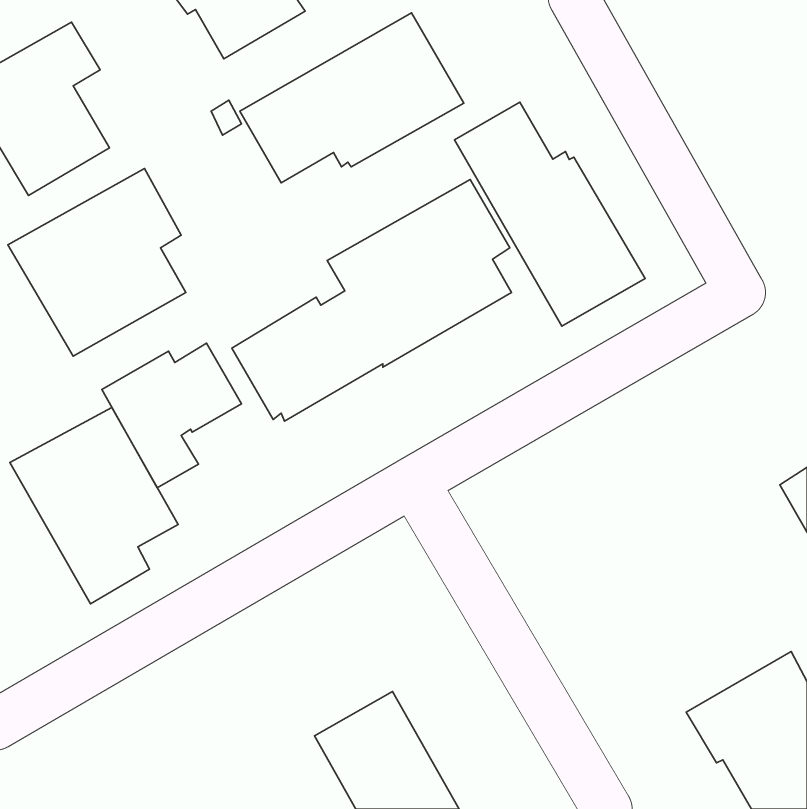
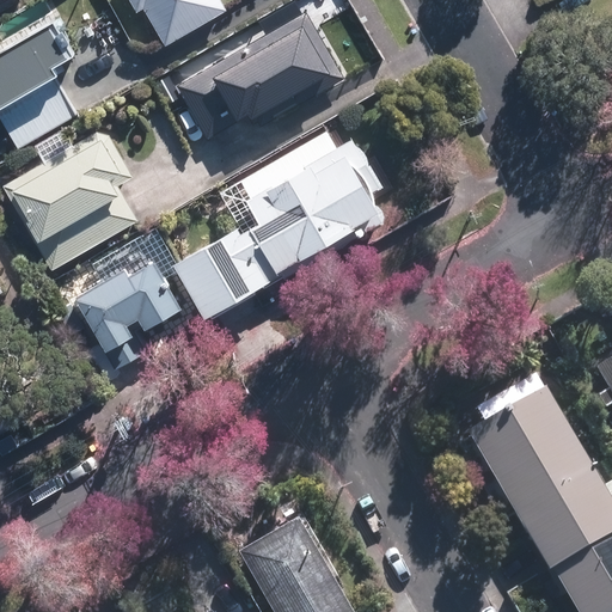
building: [454,102,645,326] -> none
building: [10,408,178,604] -> none
building: none -> [459,391,595,536]

